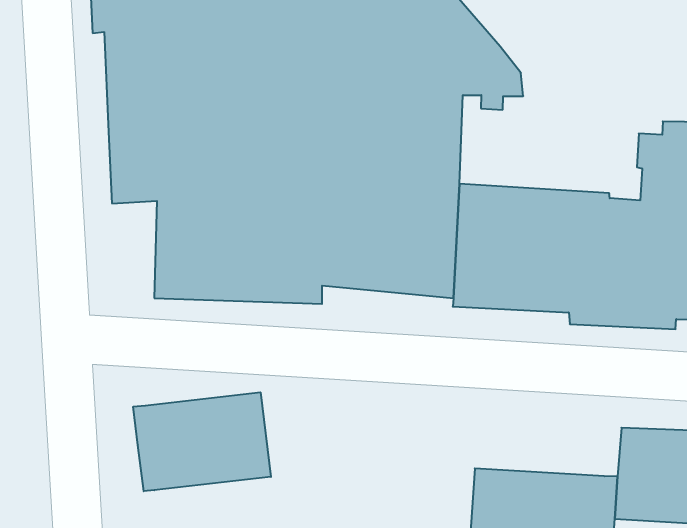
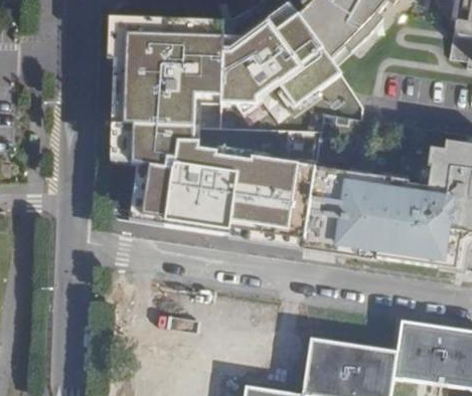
building: [133,392,271,491] -> none

